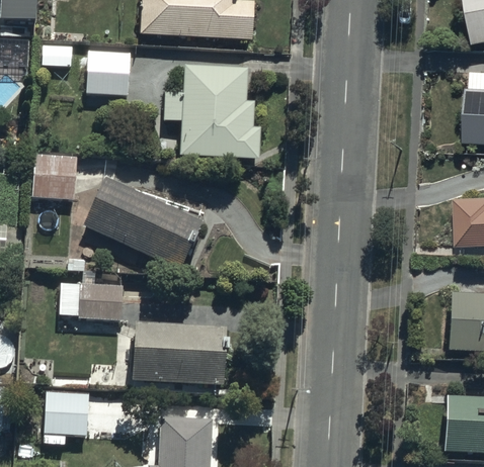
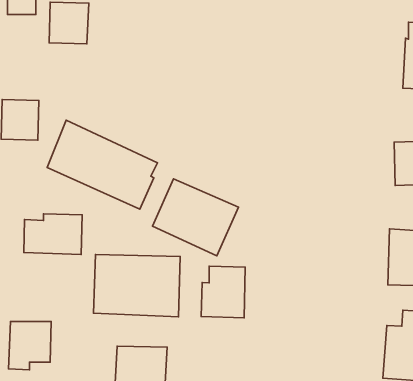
building: [163,56,261,152] -> none
building: none -> [152,179,239,256]
building: none -> [201,266,245,318]

